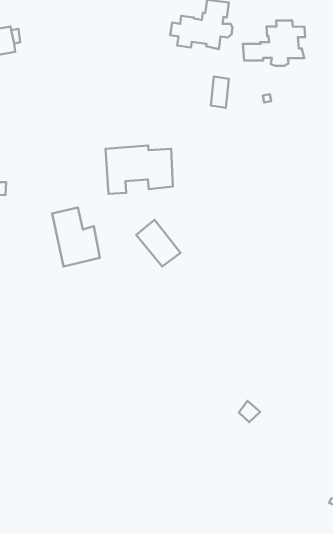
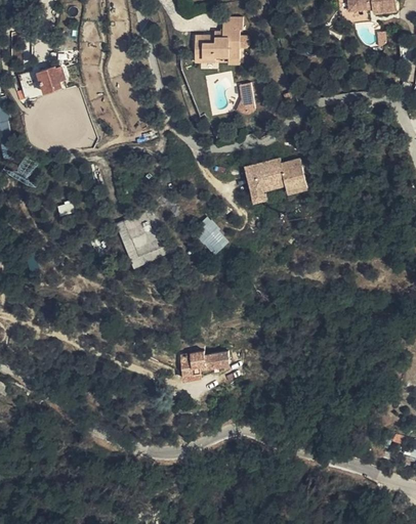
building: [243,20,305,66] -> none
building: [105,146,173,194] -> [243,158,306,205]
building: none -> [181,351,228,379]

